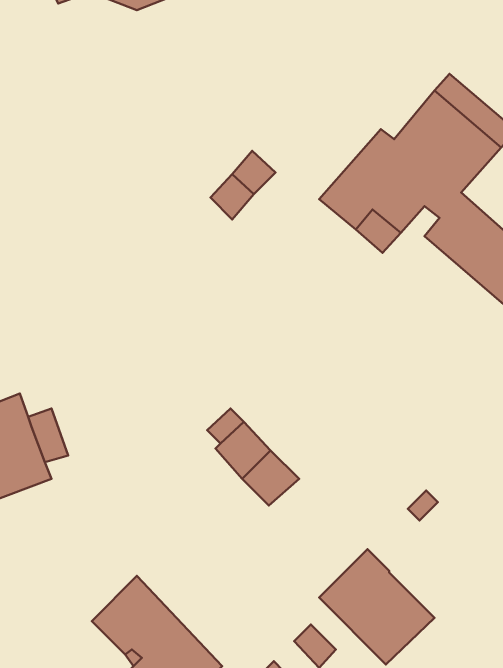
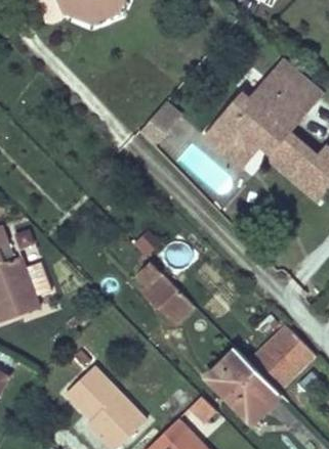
building: none -> [248,324,314,391]

